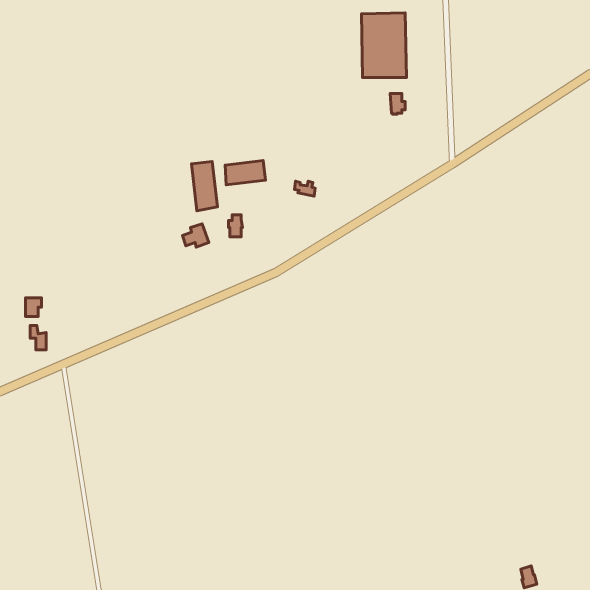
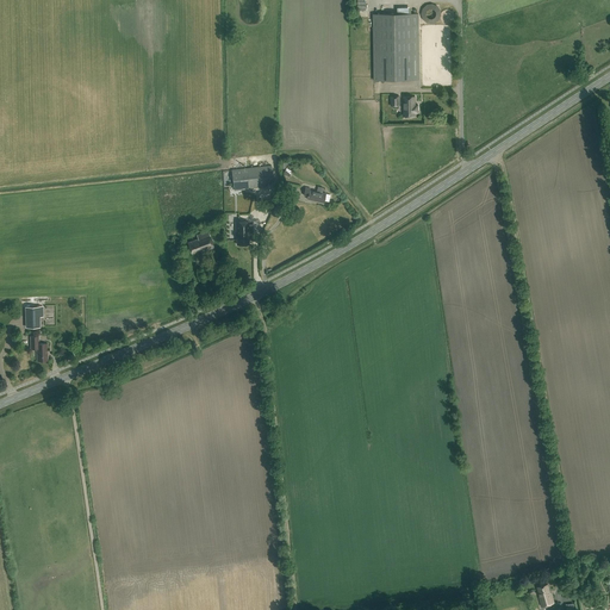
building: [191,161,217,211] -> none

